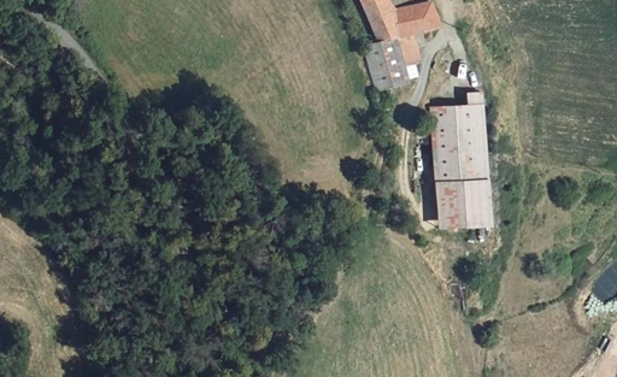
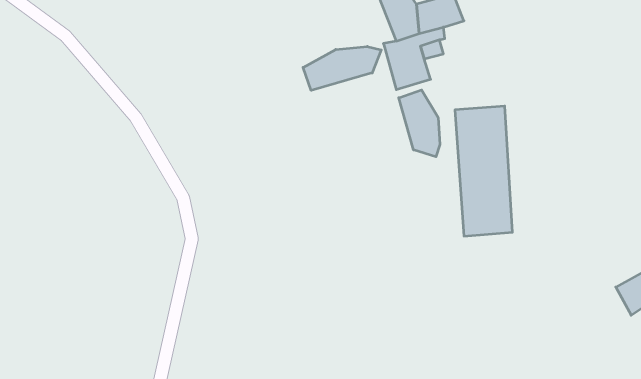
building: none -> [303,46,381,90]
building: none -> [399,90,440,157]

